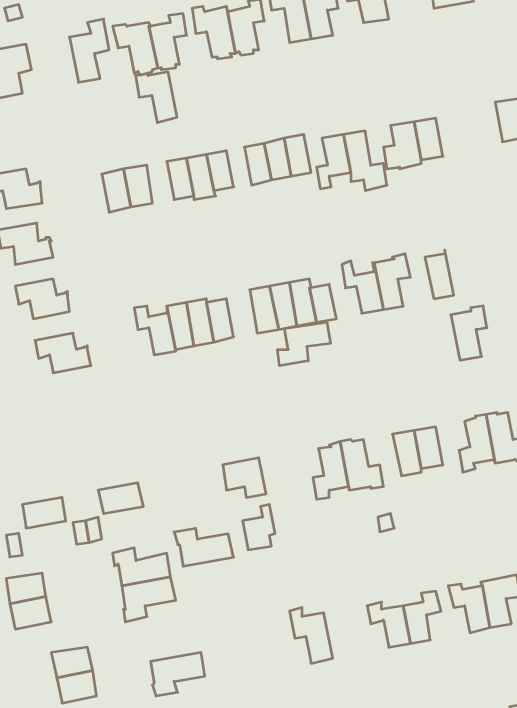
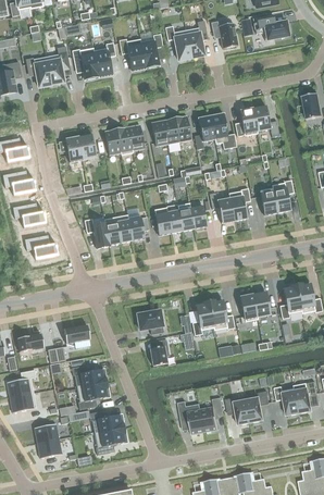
building: [136,72,177,123] -> [25,57,50,87]
building: [451,306,487,360] -> [271,180,292,212]
building: [278,322,331,366] -> none
building: [174,528,234,566] -> [88,410,124,433]
building: none -> [199,397,223,431]

